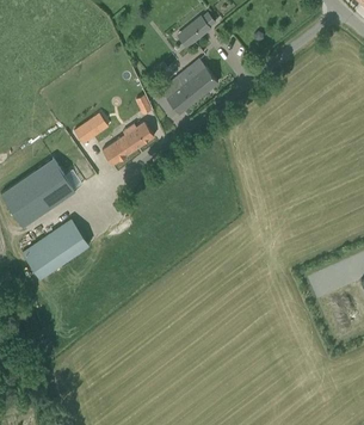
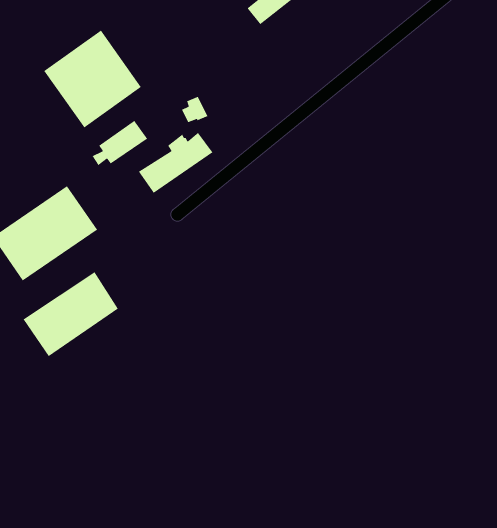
building: none -> [43,30,142,128]
building: [160,60,217,113] -> none

